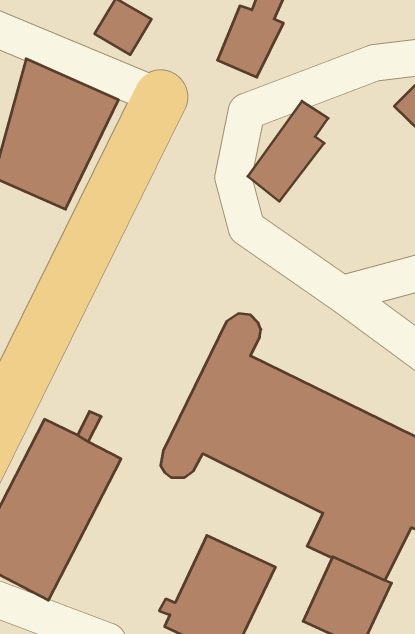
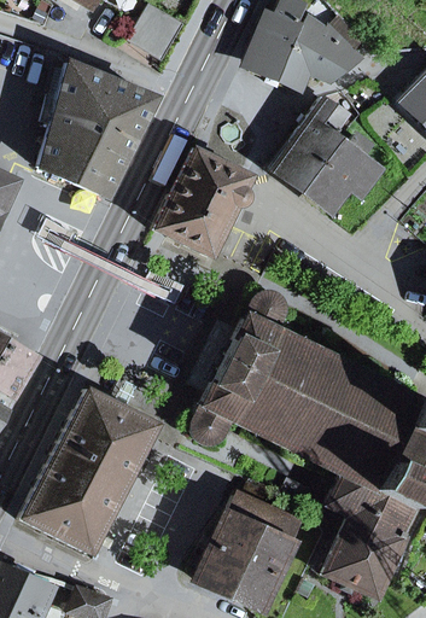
building: none -> [280,18,363,87]
building: none -> [300,134,381,209]
building: none -> [152,148,250,258]

